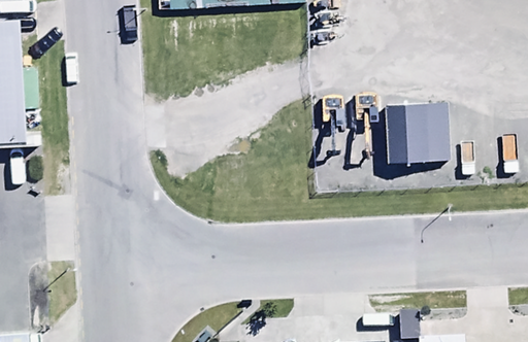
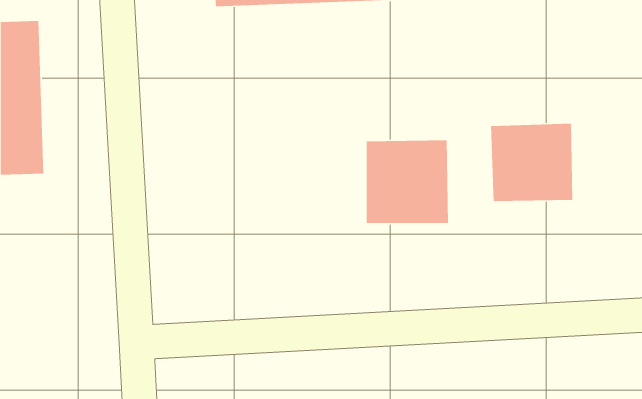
building: none -> [366,139,449,224]

